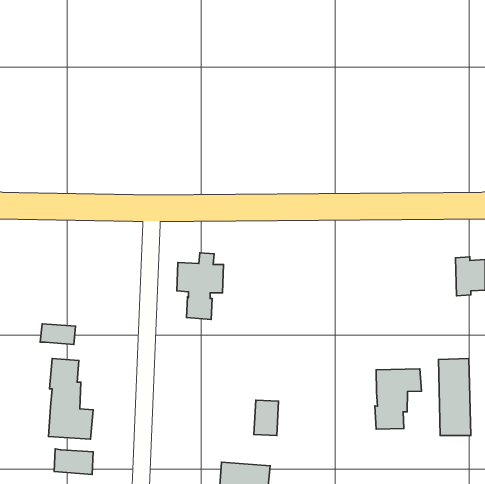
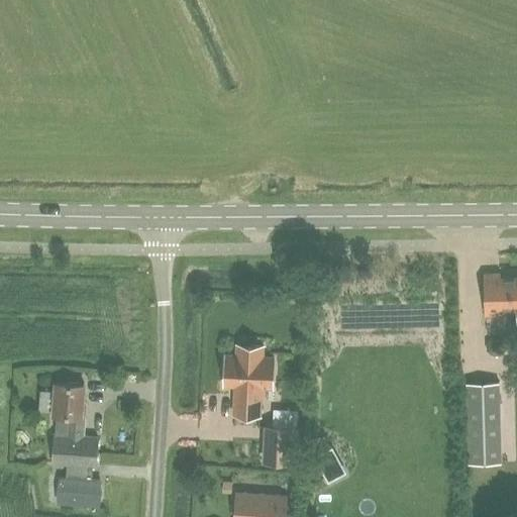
building: [177,253,224,319] -> [223,346,273,417]
building: [40,324,76,344] -> none
building: [375,369,421,429] -> none

